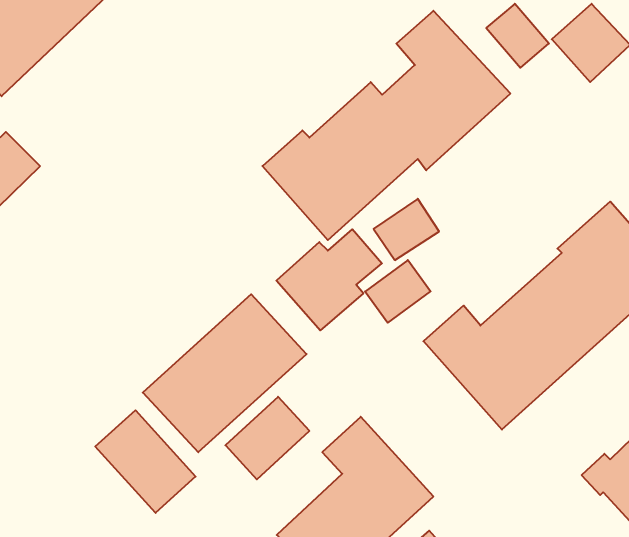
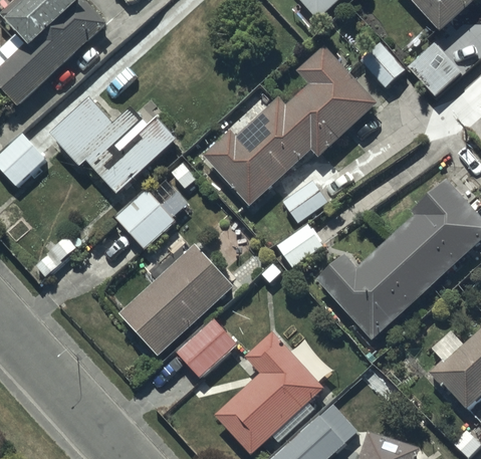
building: none -> [51,99,178,196]
building: [276,229,382,330] -> [113,177,188,248]
building: [95,410,196,513] -> none

